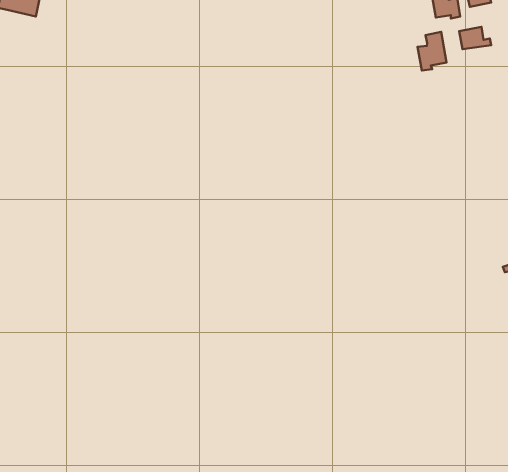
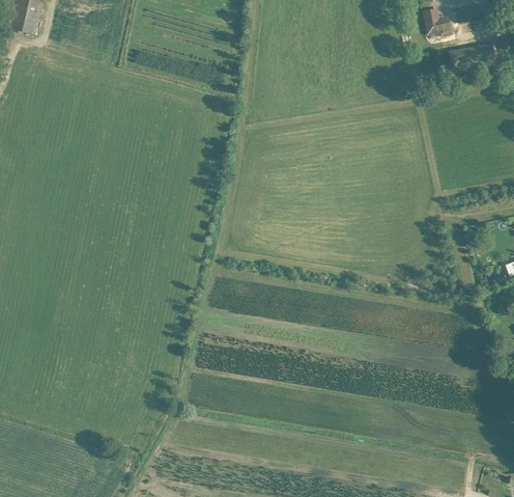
building: [418,32,446,70] -> none

